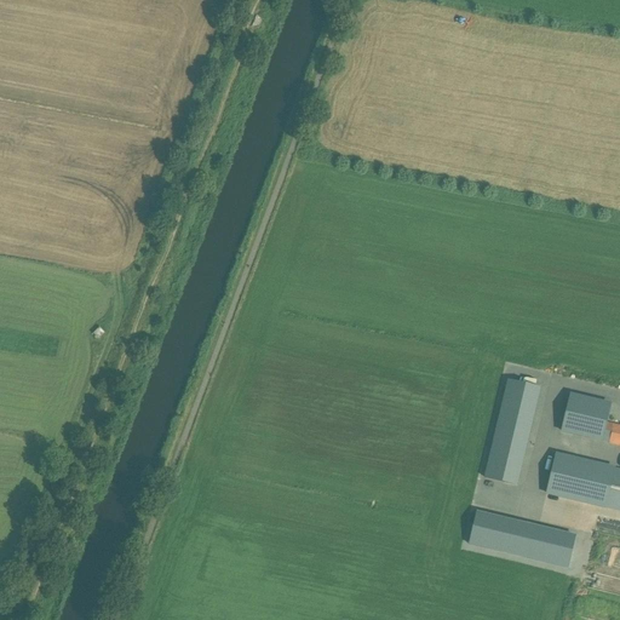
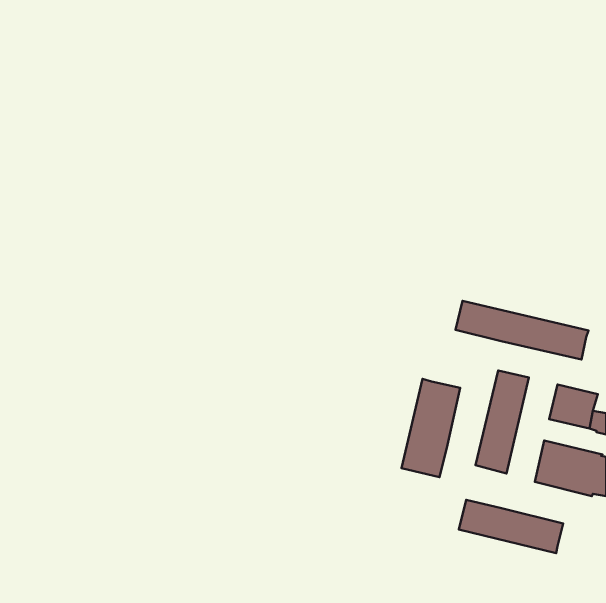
building: none -> [455,301,588,360]
building: none -> [402,379,460,477]

